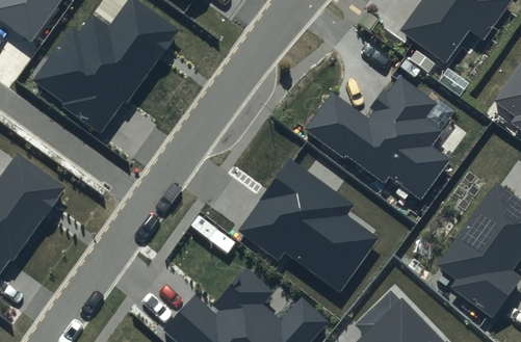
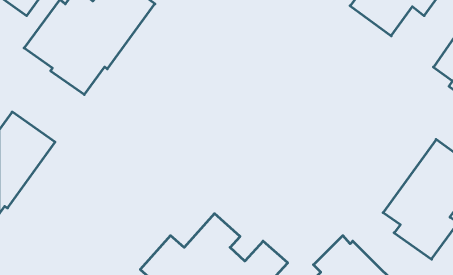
building: [305,77,449,199] -> none
building: [238,158,377,291] -> none

